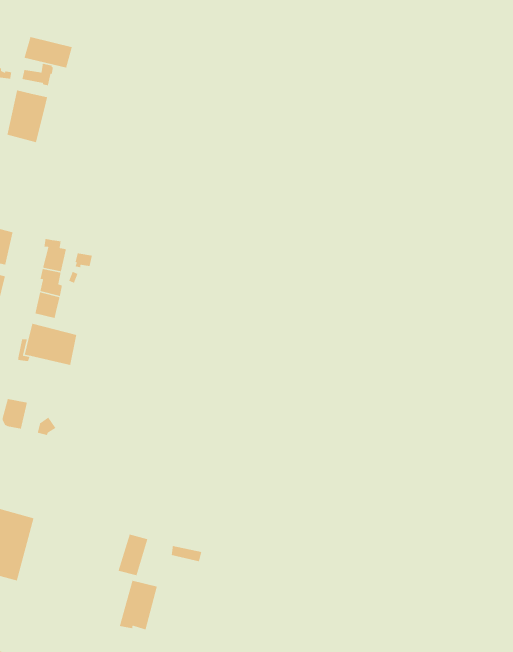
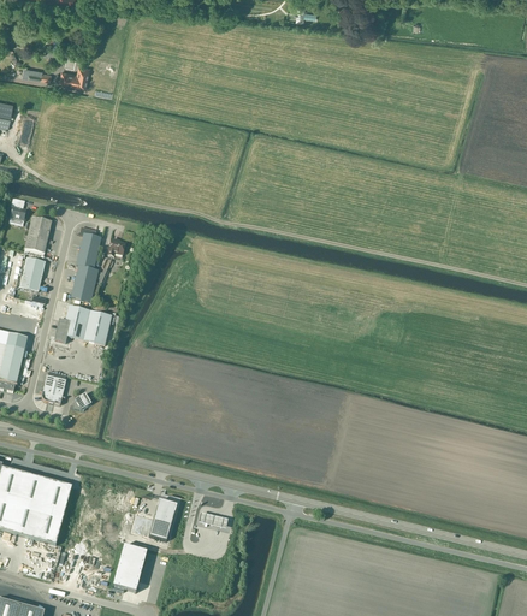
building: [24,36,74,68] -> none
building: [7,90,48,143] -> none
building: [119,580,158,631] -> [111,544,147,591]

